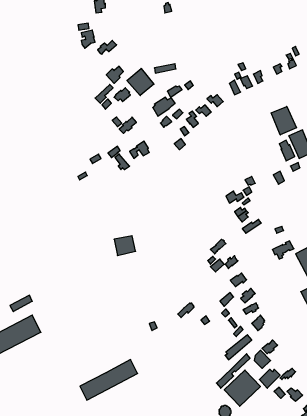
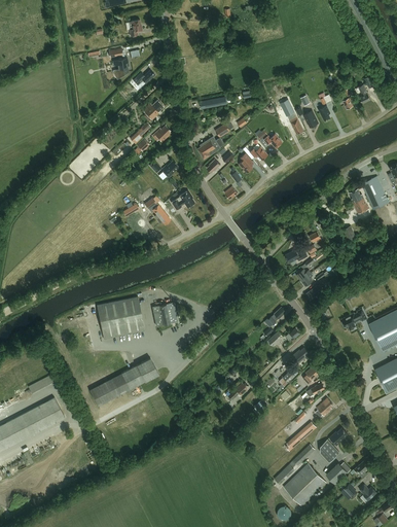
building: [127,68,154,96] -> none
building: [271,106,296,135] -> none
building: none -> [97,296,145,340]
building: [80,360,138,400] -> [89,357,158,406]

